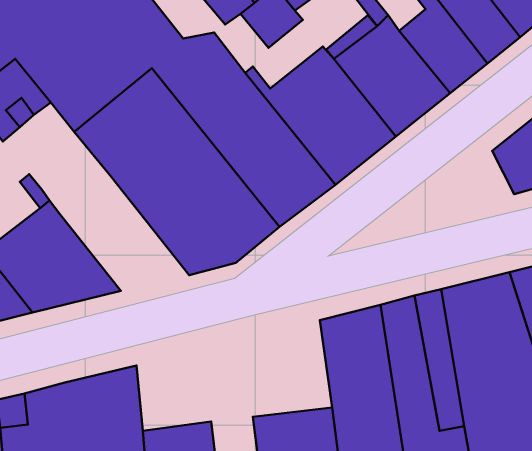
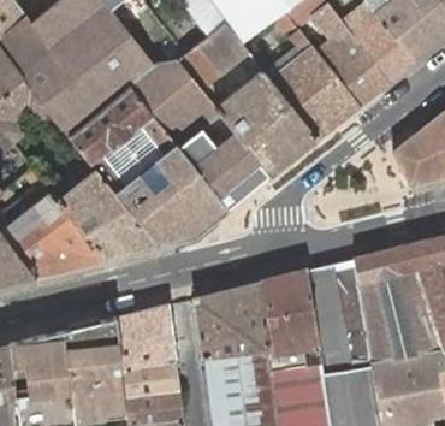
building: none -> [58,171,158,260]
building: none -> [194,283,268,359]
building: none -> [117,304,174,368]

